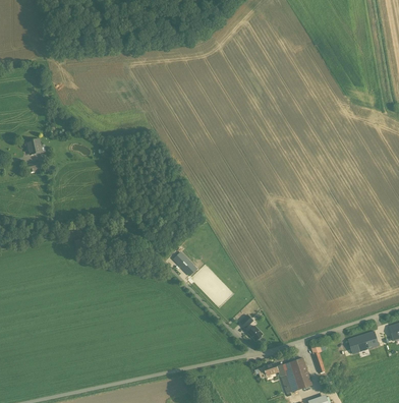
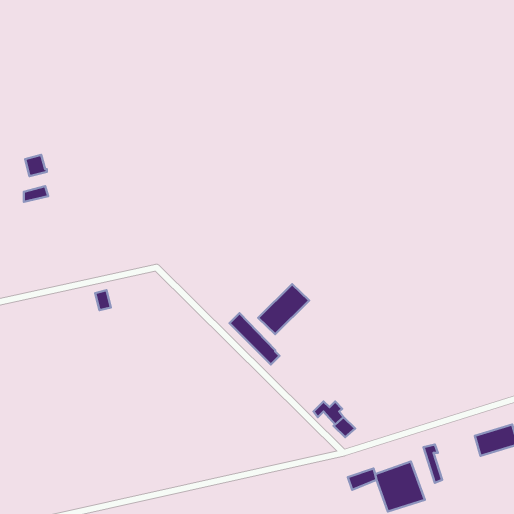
building: none -> [258,284,309,334]

